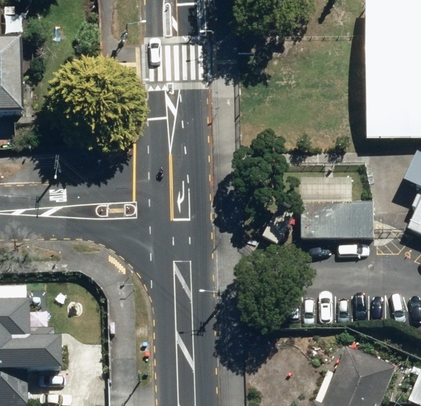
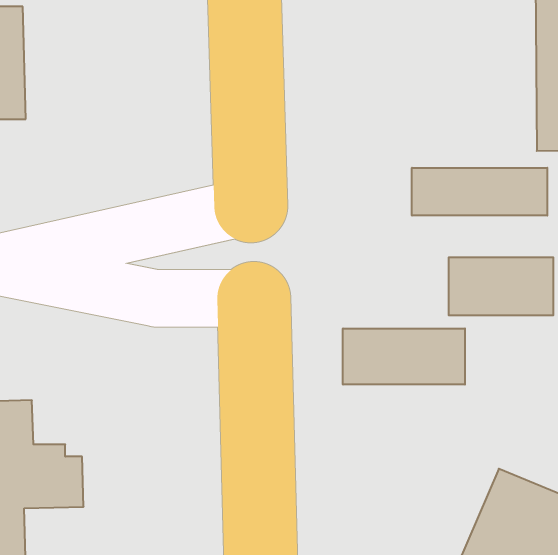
building: none -> [412,168,547,216]
building: none -> [343,328,465,385]

